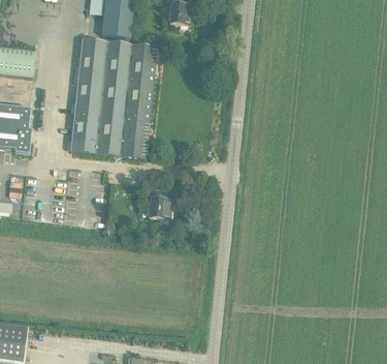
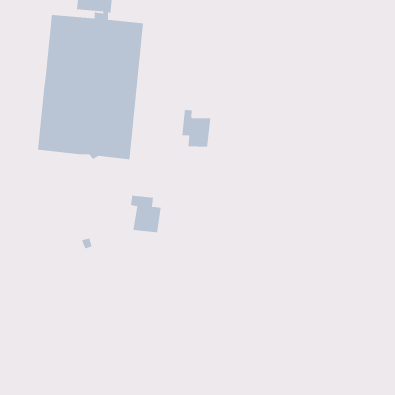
building: none -> [182,109,211,148]

